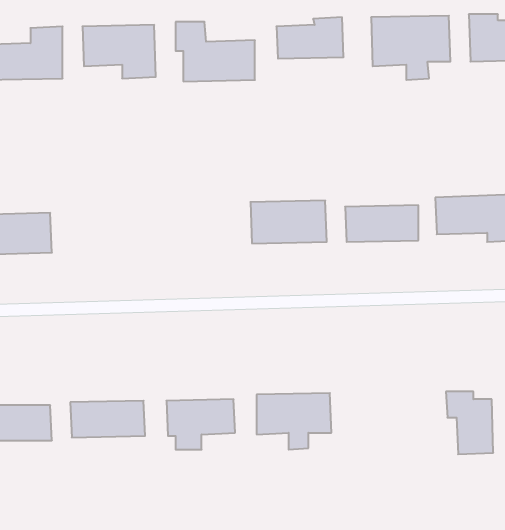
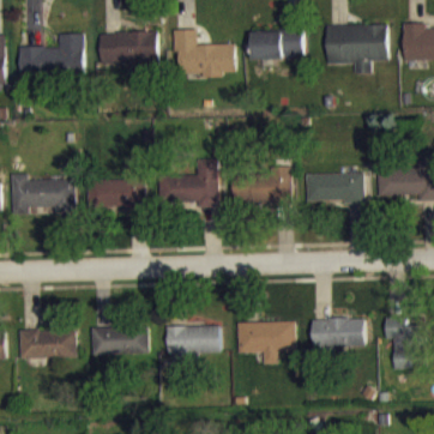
building: none -> [159,161,217,207]
building: none -> [86,163,145,207]
building: none -> [309,318,363,346]

